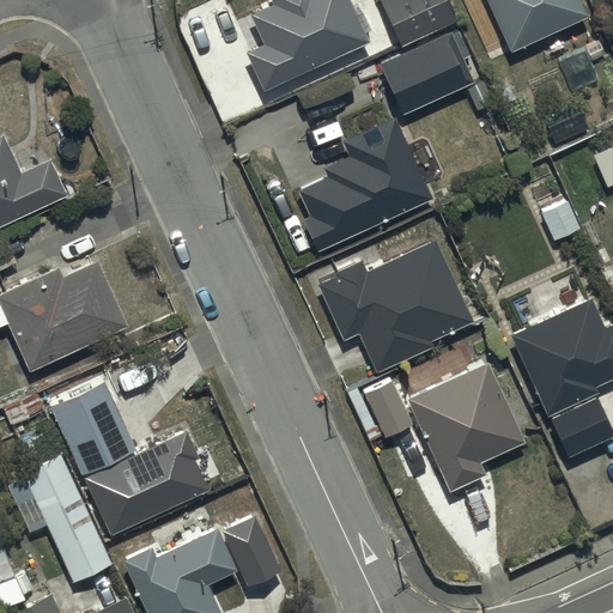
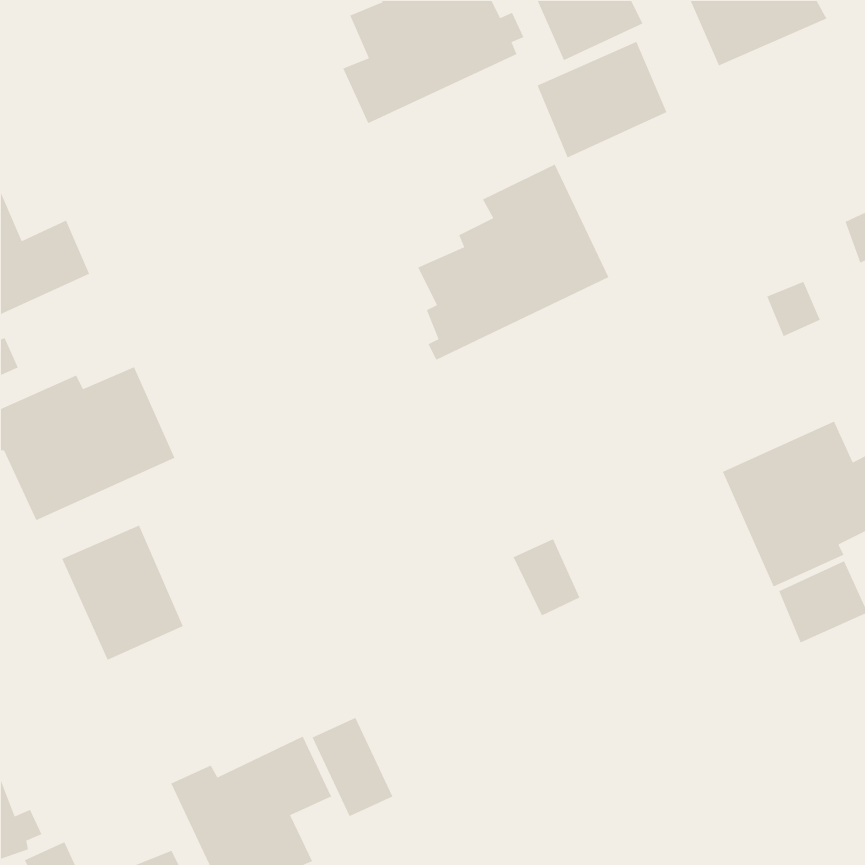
building: [318,243,473,374] -> none
building: [407,363,524,491] -> none
building: [86,424,212,527] -> none
building: [8,432,113,582] -> none

